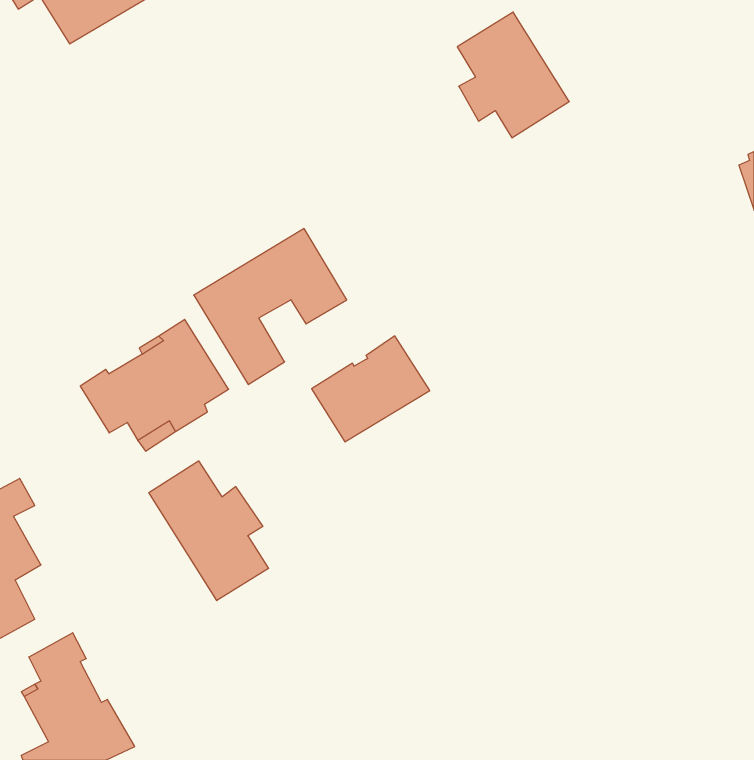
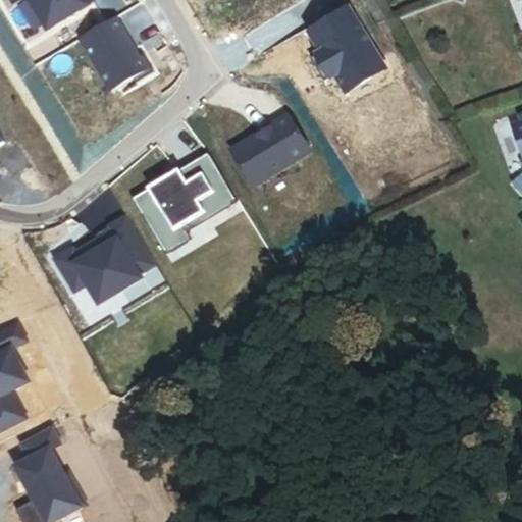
building: none -> [79,17,152,92]
building: [312,336,430,442] -> [229,114,309,186]
building: [149,461,269,601] -> none

